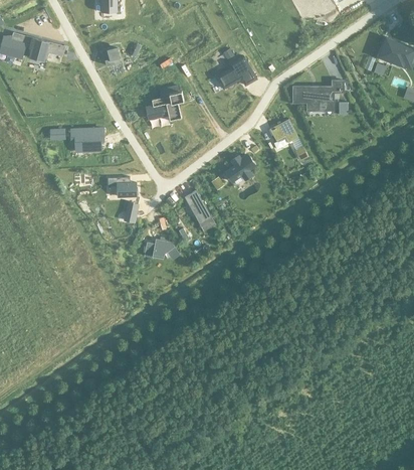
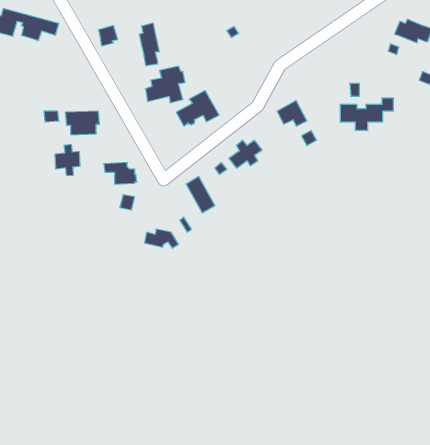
building: none -> [139,23,159,66]
building: [216,56,256,90] -> [176,91,219,126]
building: [292,81,343,111] -> [340,98,394,130]
building: none -> [55,144,80,176]

